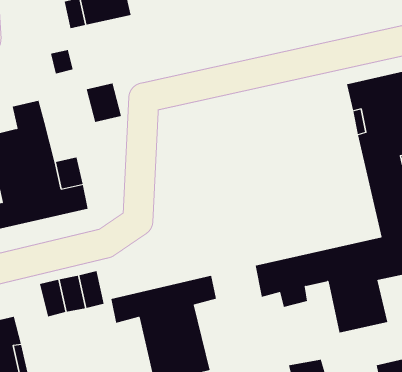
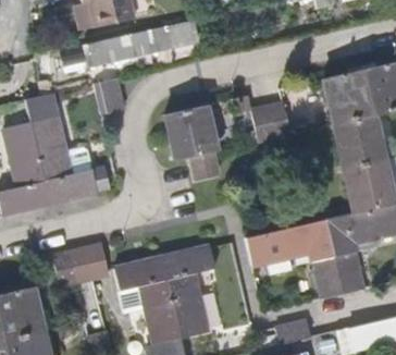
building: none -> [85,20,198,65]
building: none -> [251,102,292,142]
building: none -> [166,107,218,180]

